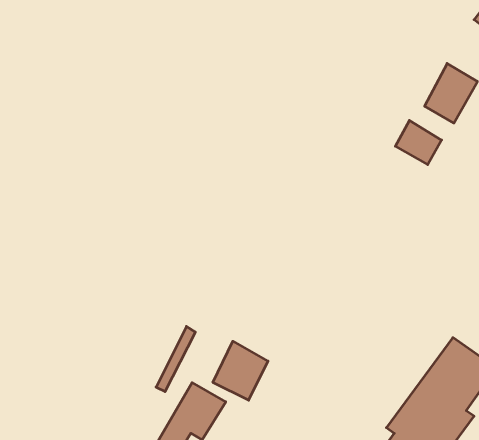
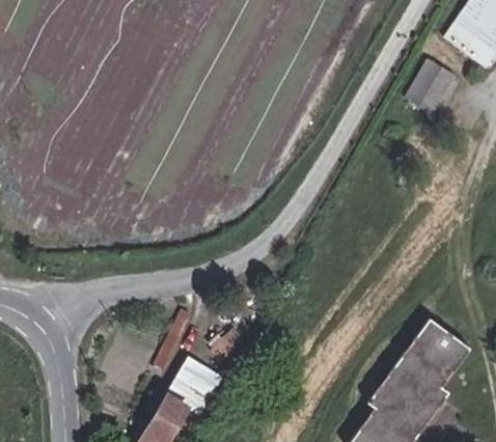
building: [395,120,442,165] -> none
building: [213,341,268,400] -> none

